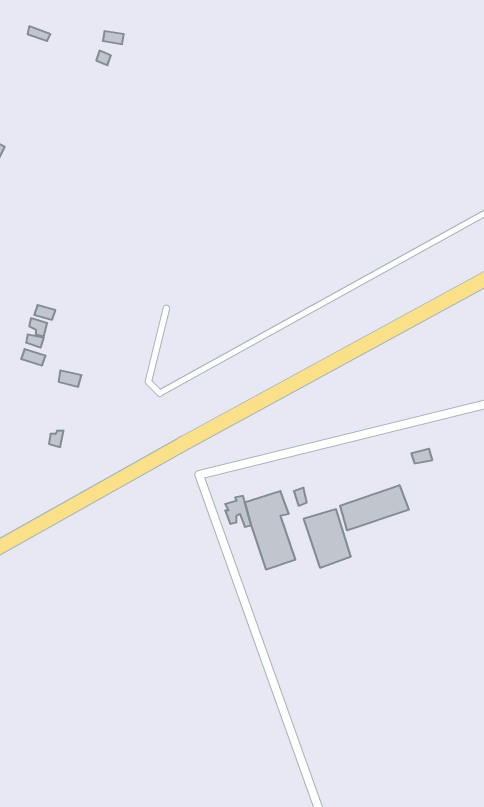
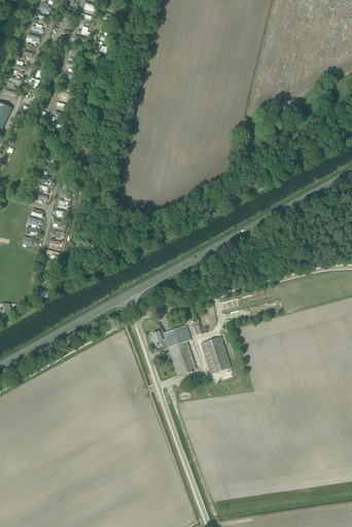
building: [340,485,409,530] -> none

